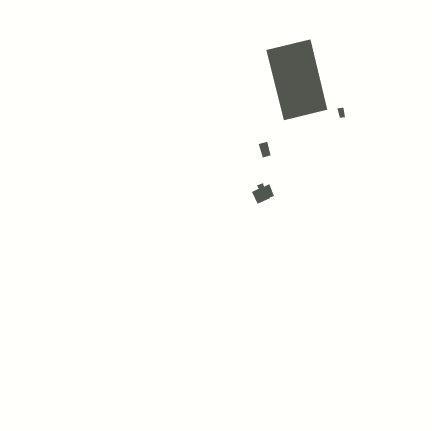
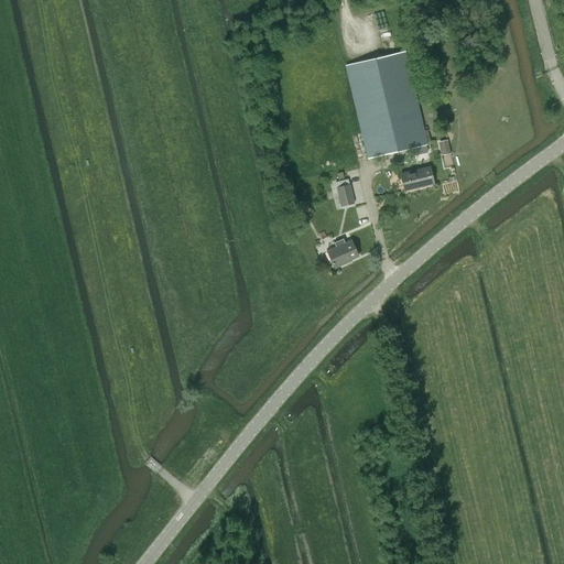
building: none -> [400,166,434,189]

